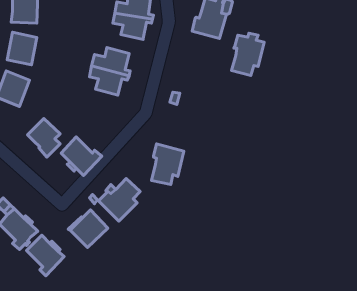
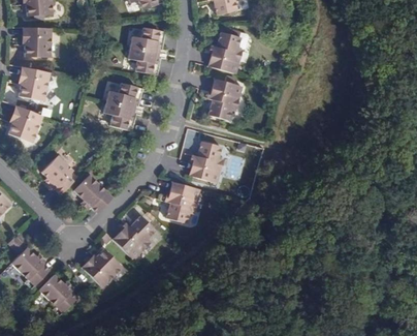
building: [232,33,264,76] -> [208,77,242,120]
building: none -> [188,141,222,182]

